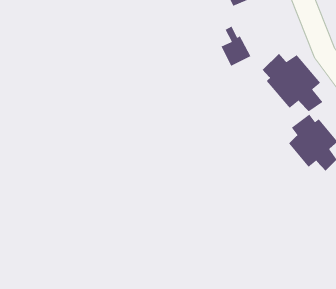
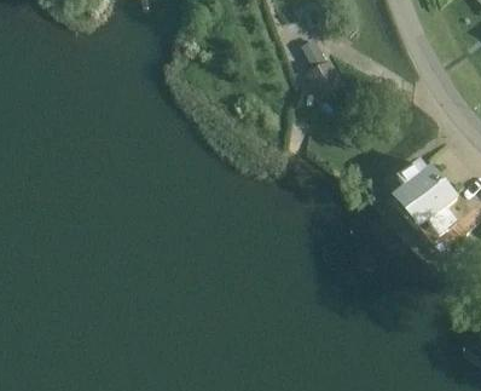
building: [262,53,323,112] -> none

